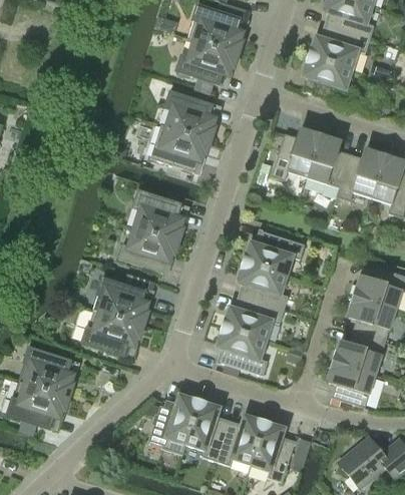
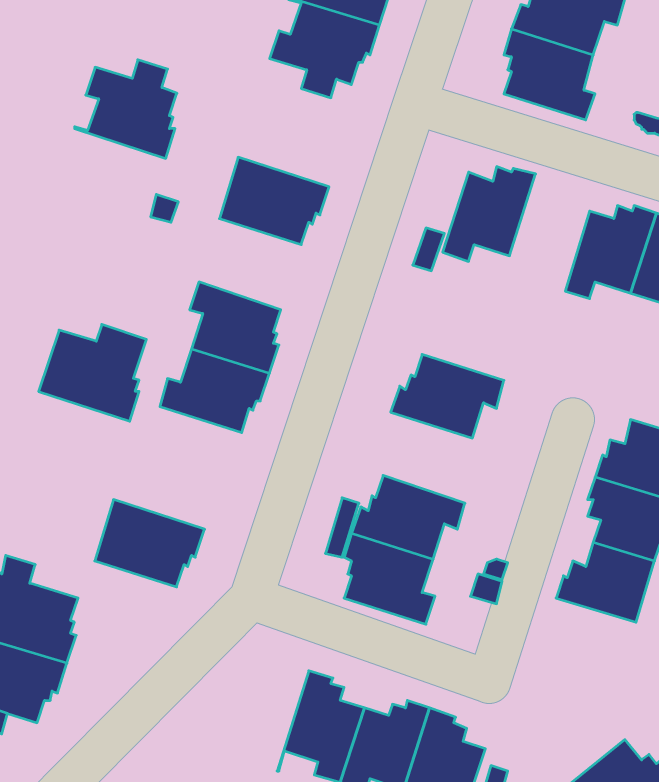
building: [160,87,216,140] -> [75,60,177,158]
building: [307,133,350,196] -> none
building: [239,262,288,311] -> none
building: [93,273,151,325] -> [39,324,146,421]
building: [328,362,375,408] -> none
building: [149,396,198,455] -> none

